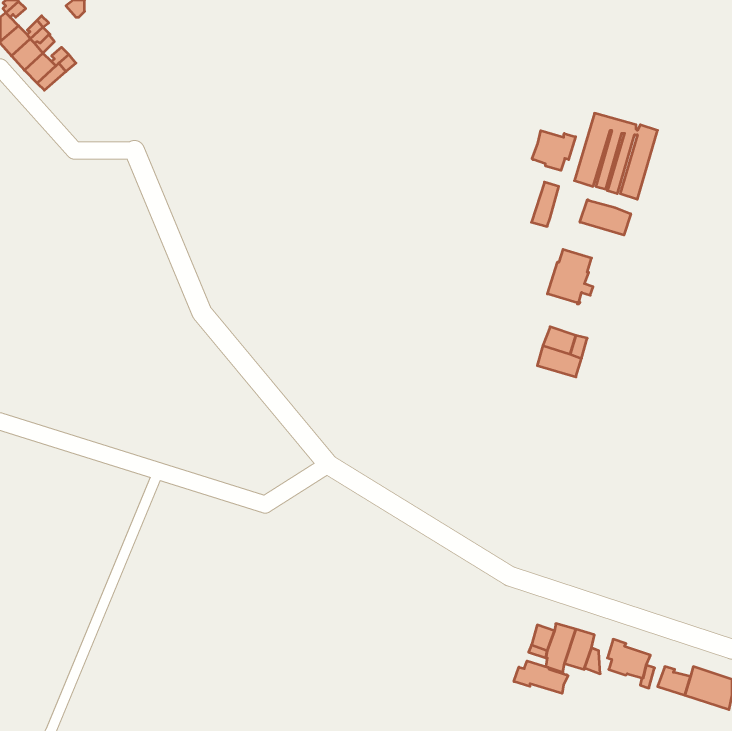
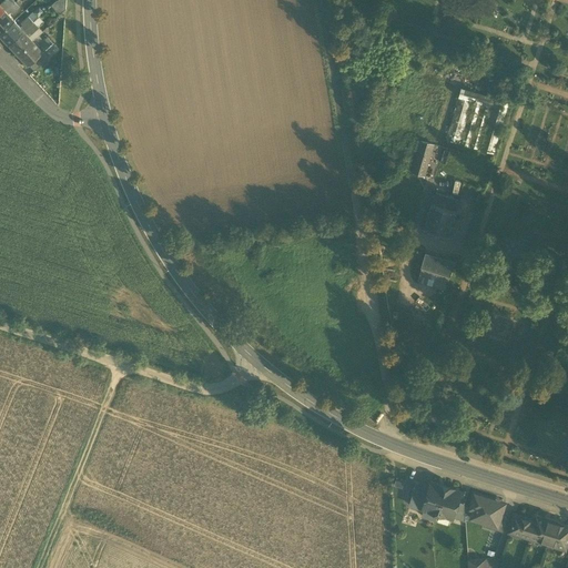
building: [532,131,576,170] -> none
building: [580,200,631,235] -> none
building: [514,661,568,693] -> none

